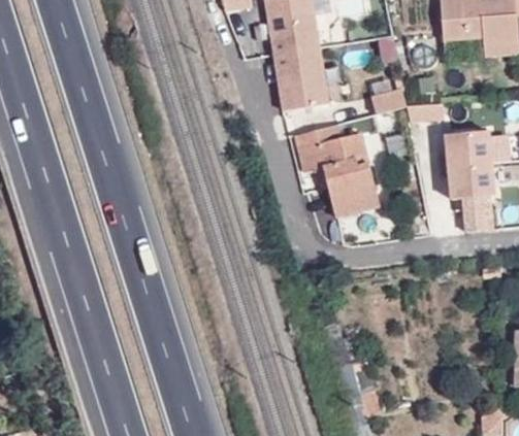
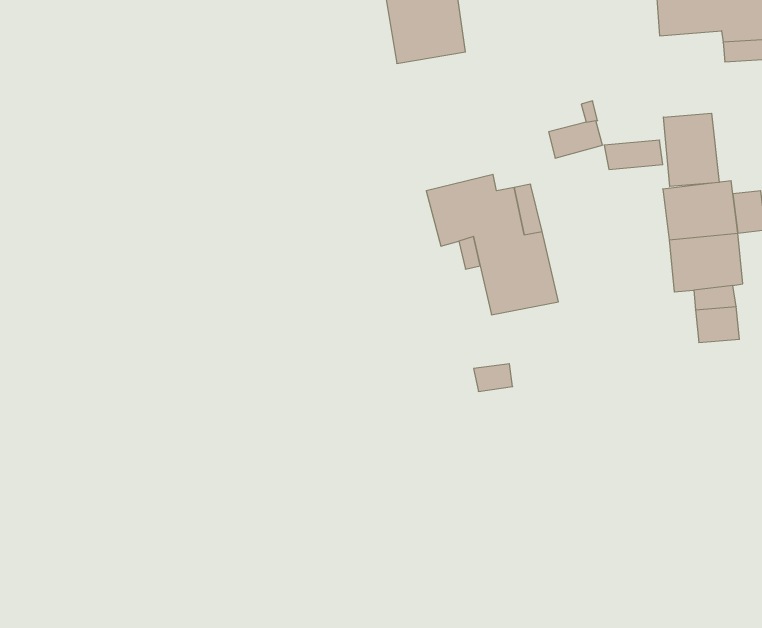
building: [275,48,328,111] -> none
building: none -> [663,113,719,187]

